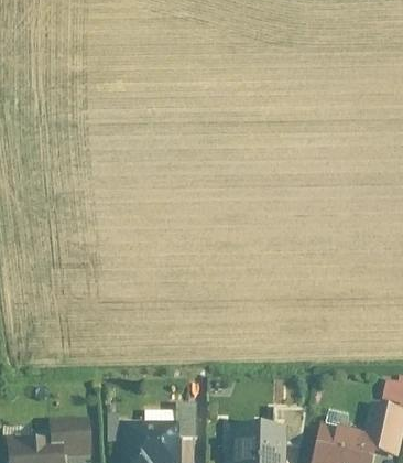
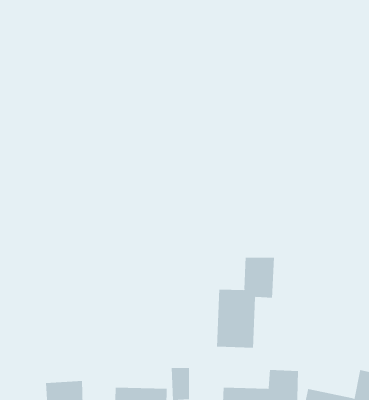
building: none -> [217,257,274,349]

